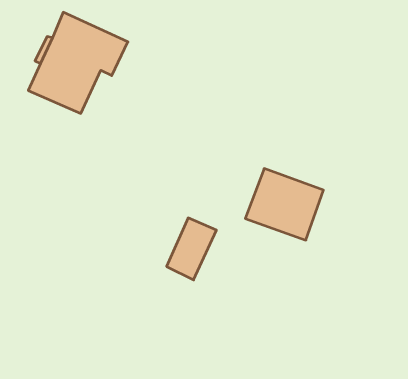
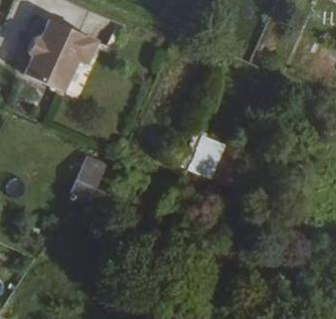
building: [167,218,216,280] -> [69,158,107,204]

